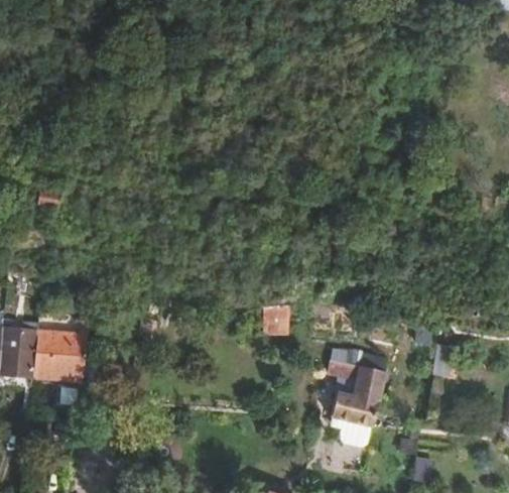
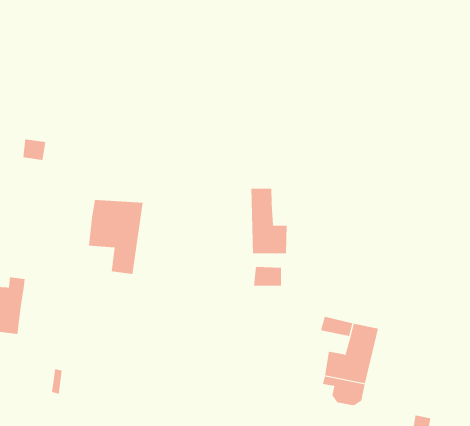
building: none -> [251,188,287,254]
building: [31,330,86,403] -> [88,199,144,275]

